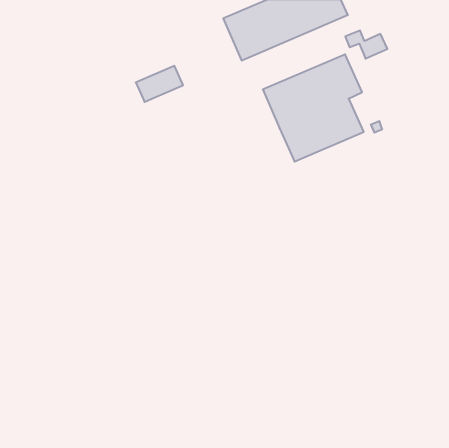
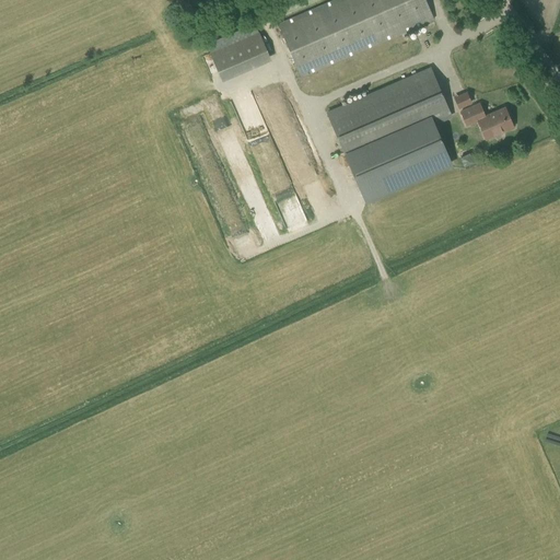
building: [345,30,387,59] -> [460,103,513,138]
building: [136,66,183,102] -> [210,32,269,77]

